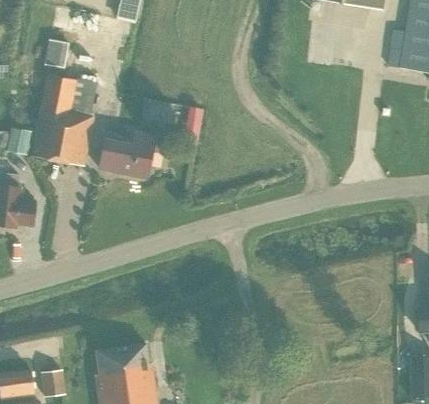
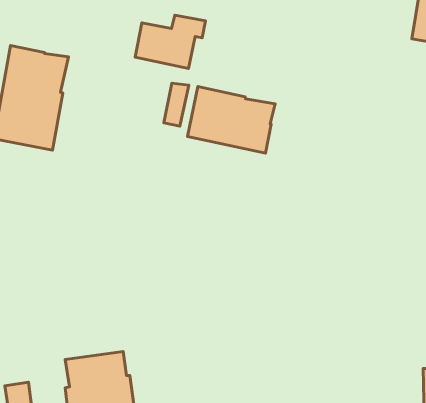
building: [46,39,70,68] -> none
building: none -> [188,86,275,153]
building: [99,131,161,178] -> [135,15,206,68]

